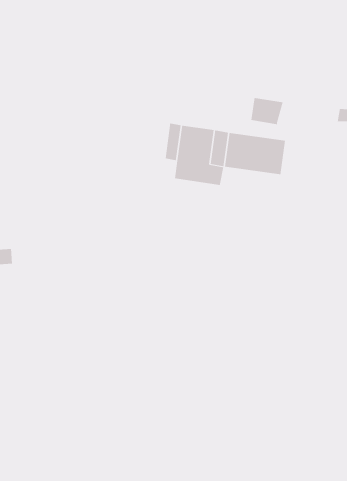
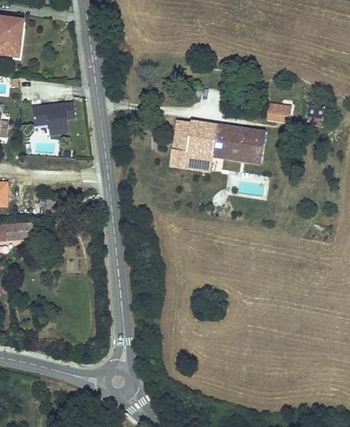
building: [250,97,284,125] -> [266,99,294,122]
building: none -> [33,102,74,134]

